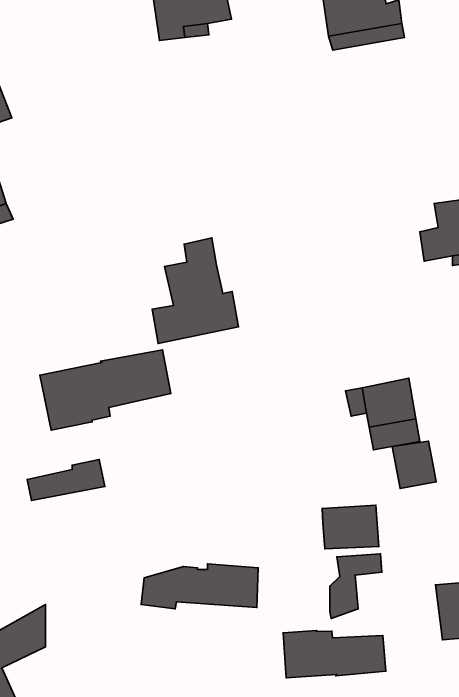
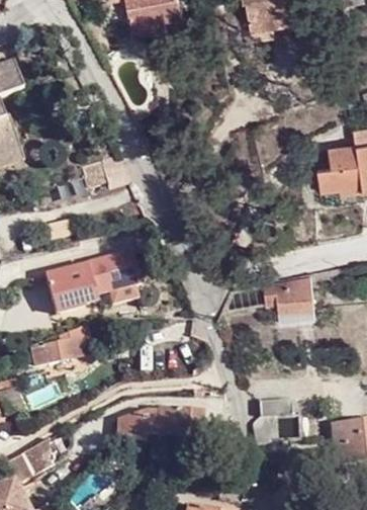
building: [152,238,239,344] -> none
building: [392,441,436,488] -> none
building: [322,505,379,549] -> none
building: [283,631,386,678] -> none

